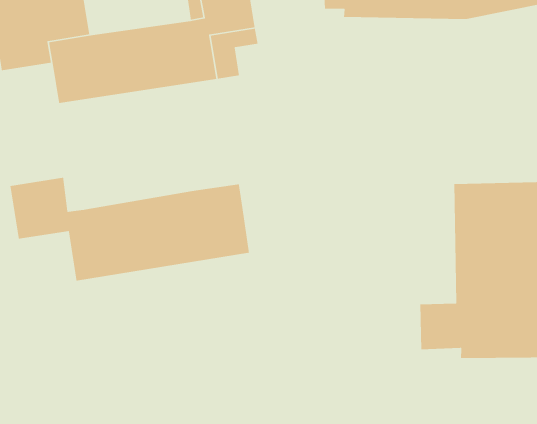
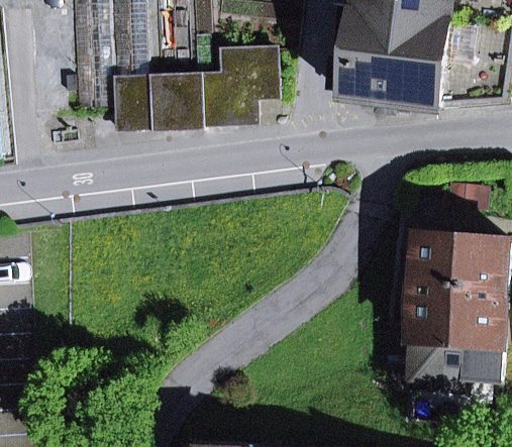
building: [9,177,250,282] -> none

